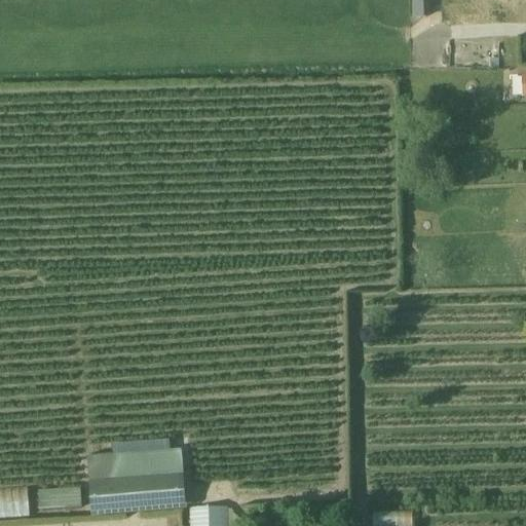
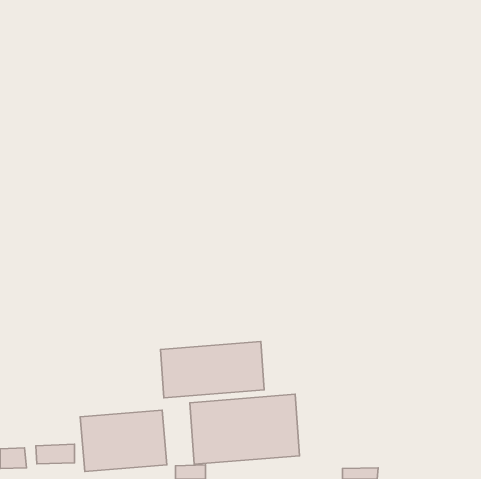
building: none -> [160,342,264,398]
building: none -> [190,394,300,464]

